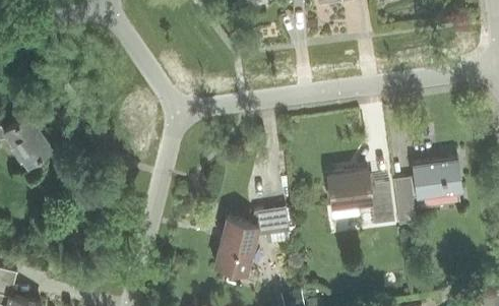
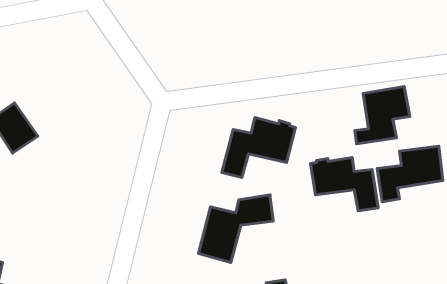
building: none -> [355,86,410,144]
building: none -> [222,118,296,177]

